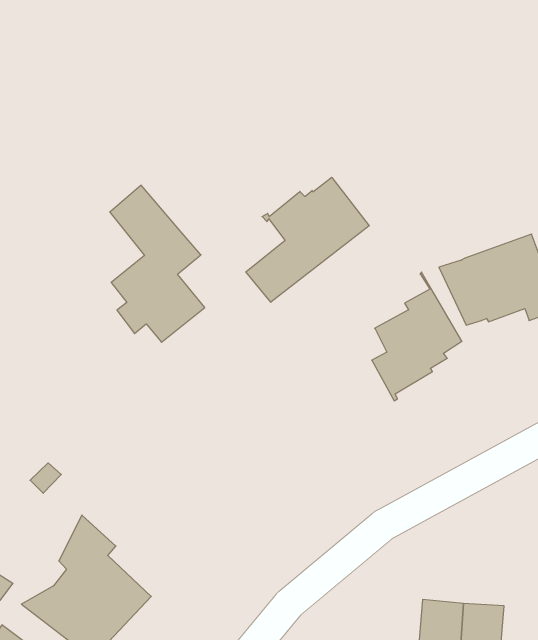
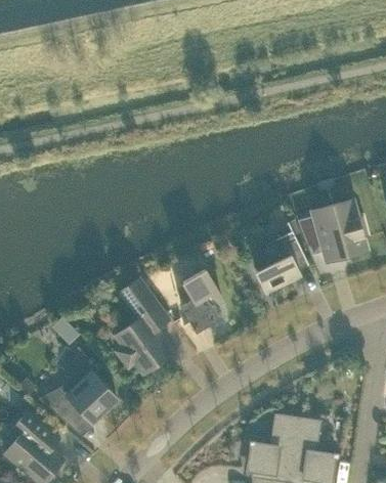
building: [246,177,369,302] -> none
building: [110,185,205,342] -> [117,279,170,371]
building: none -> [181,269,223,331]

